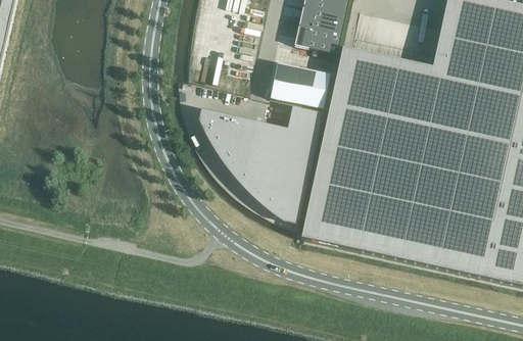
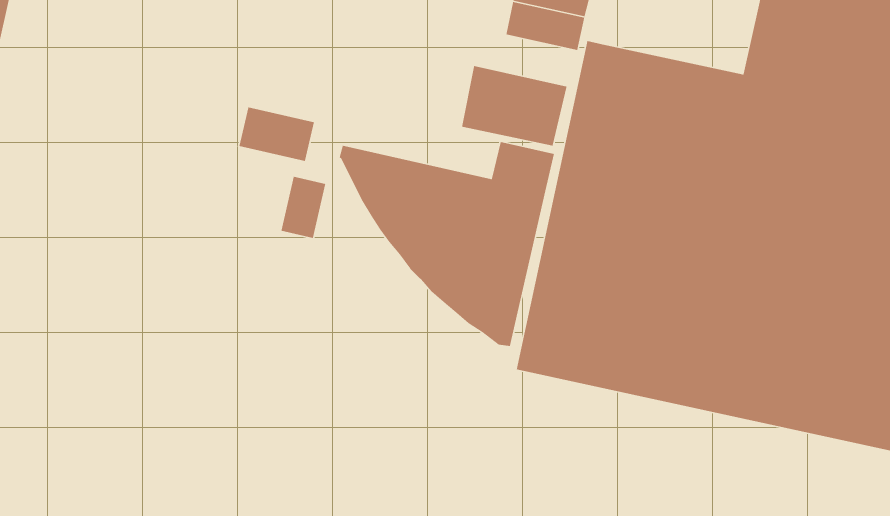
building: none -> [238,107,315,162]
building: none -> [280,176,326,239]

